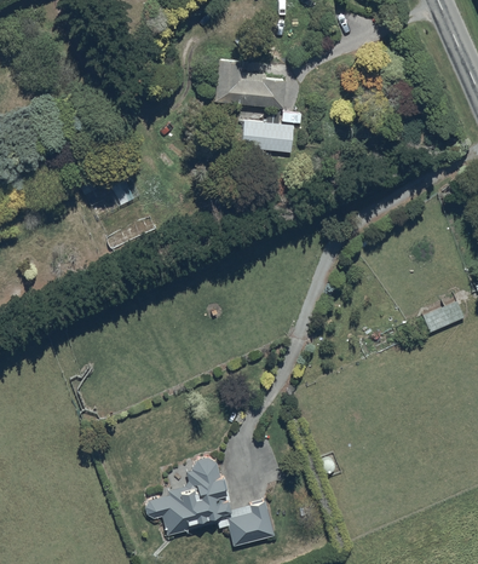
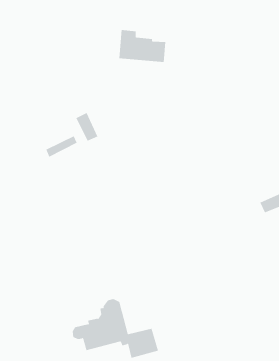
building: [242,117,294,151] -> none
building: none -> [75,112,98,142]

